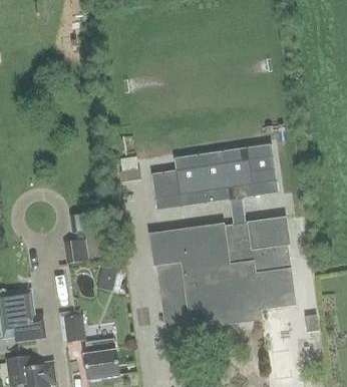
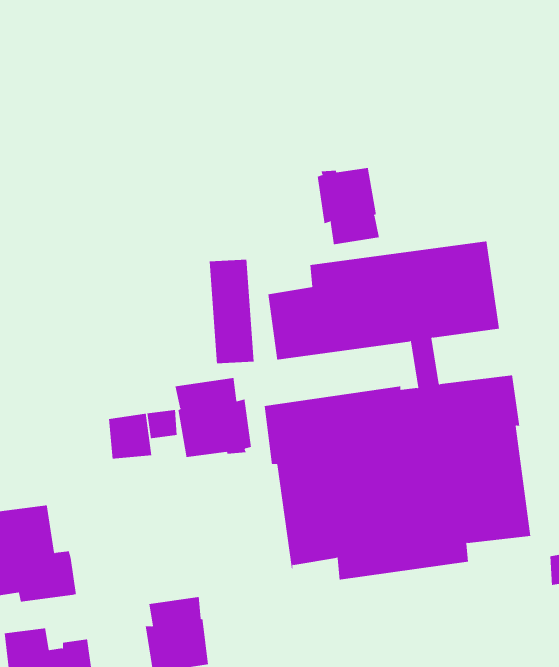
building: none -> [317,167,380,245]
building: none -> [175,377,251,458]
building: [63,313,86,342] -> none

